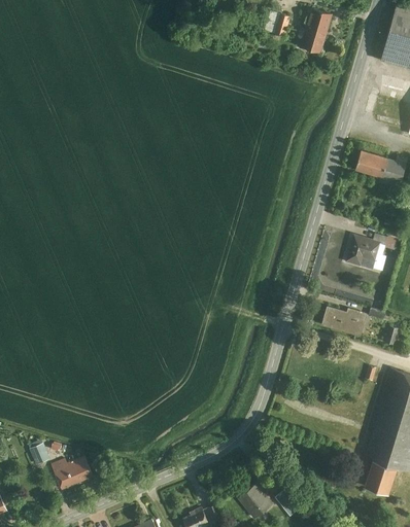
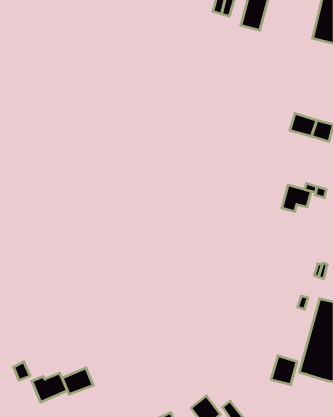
building: [321,306,368,337] -> none
building: none -> [62,368,93,394]
building: [367,457,398,491] -> [271,356,297,385]

